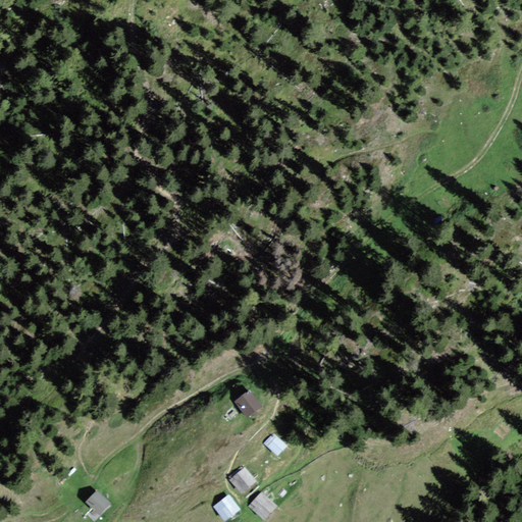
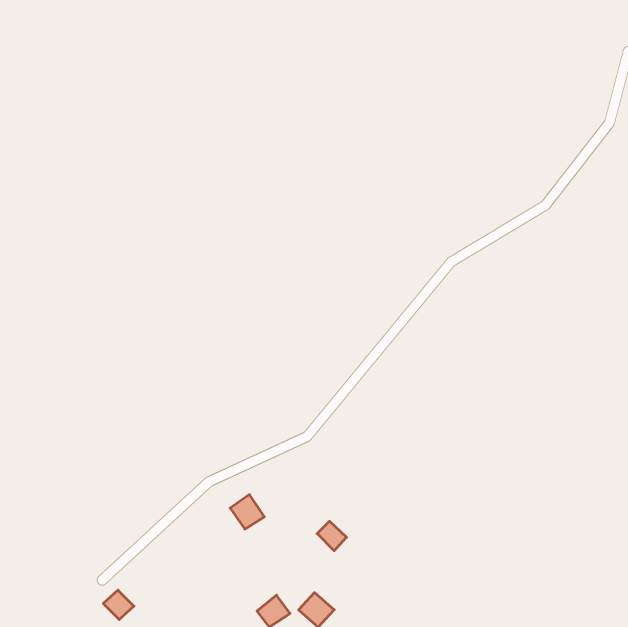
building: [233,388,262,417] -> [230,495,264,529]
building: [229,466,257,494] -> none

